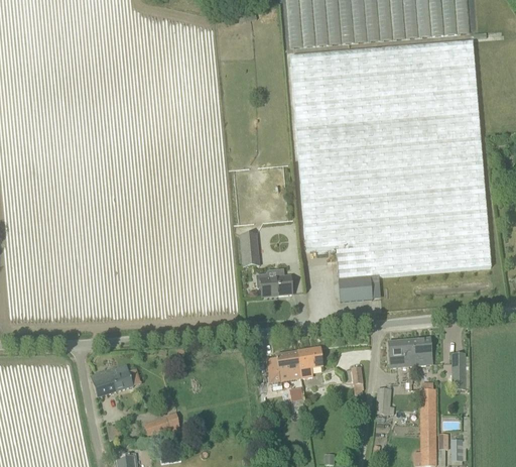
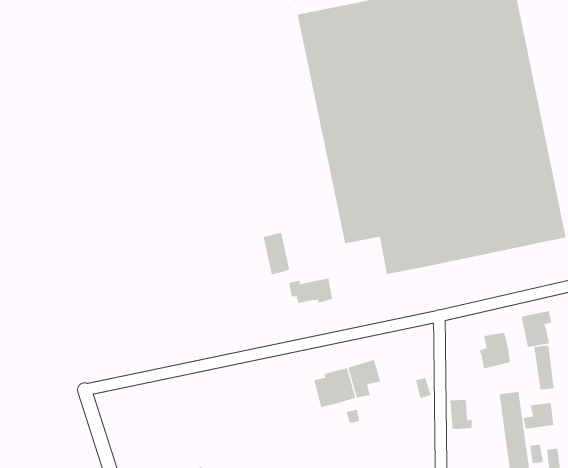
building: [338,275,372,301] -> none
building: [387,338,412,366] -> [521,311,552,348]
building: [90,363,132,396] -> none
building: none -> [523,402,554,430]

